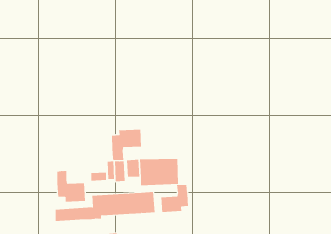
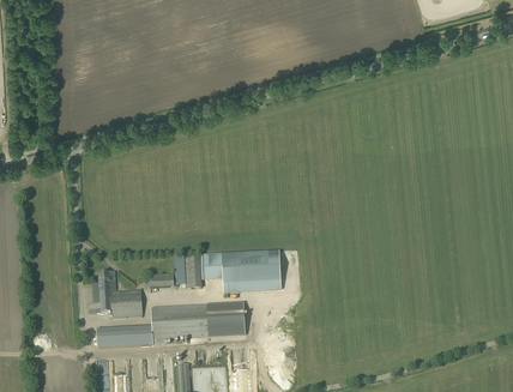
building: [111,129,142,161] -> none
building: [161,184,188,213] -> none

